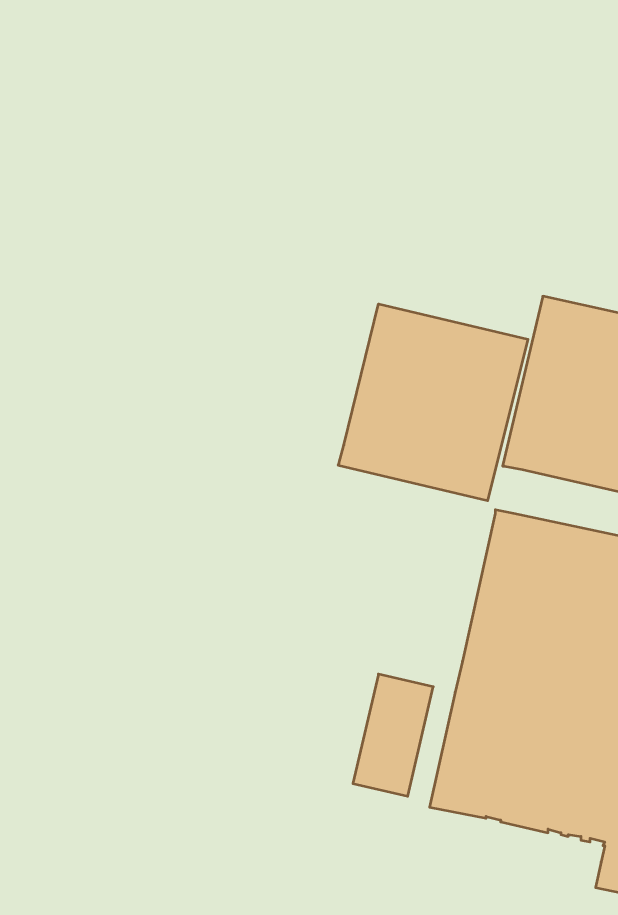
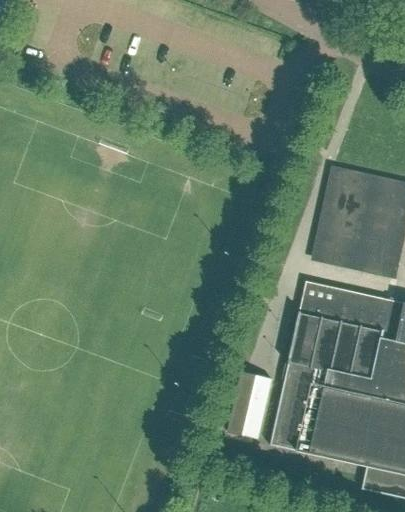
building: [338,304,528,501] -> none

